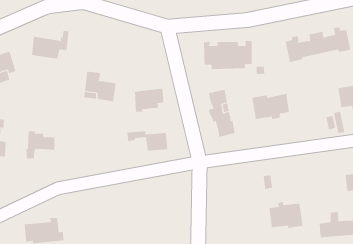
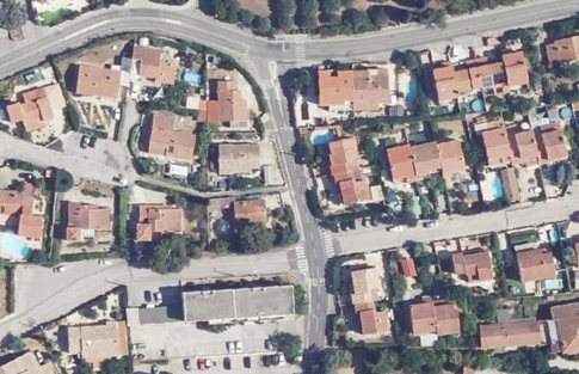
building: none -> [128,50,177,80]
building: none -> [218,72,248,114]
building: none -> [481,118,510,161]
building: none -> [436,143,463,179]
building: none -> [138,201,181,237]
building: none -> [450,249,492,280]
building: none -> [349,266,386,332]
building: none -> [128,286,294,326]

